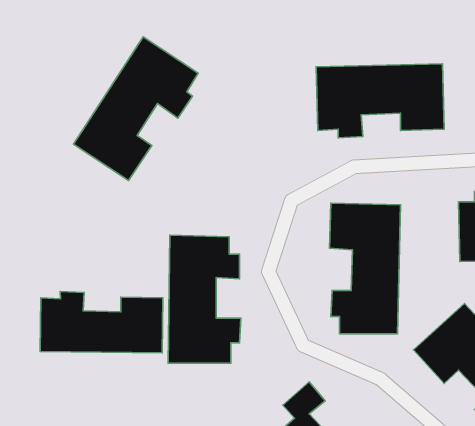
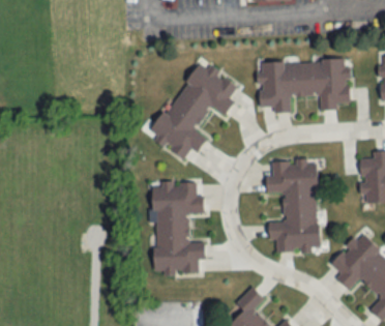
building: [73,37,198,180] -> [149,59,238,161]
building: [40,291,163,353] -> none

